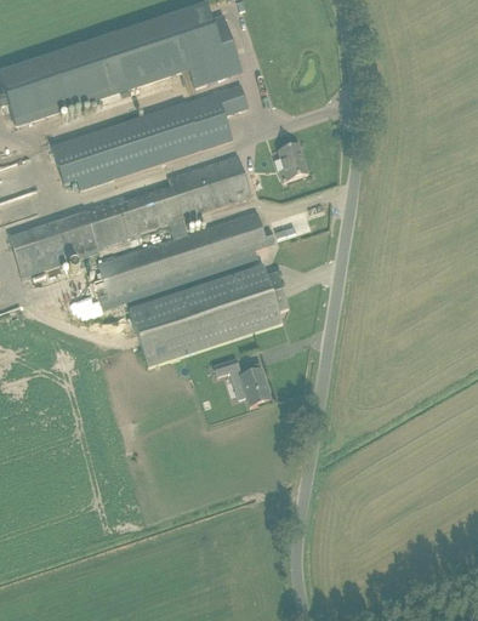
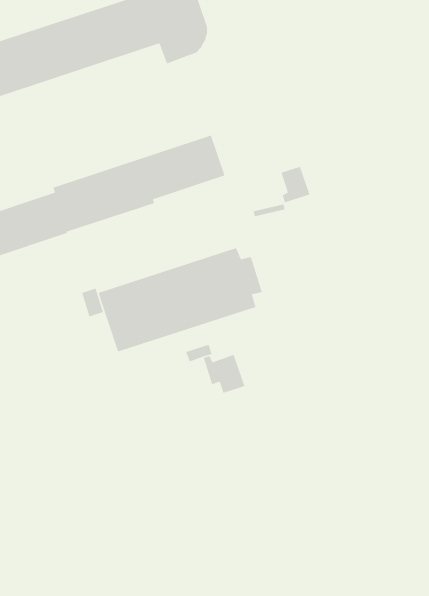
building: [51,84,247,189] -> none
building: [278,144,307,181] -> [280,166,311,203]
building: [93,211,274,310] -> none

